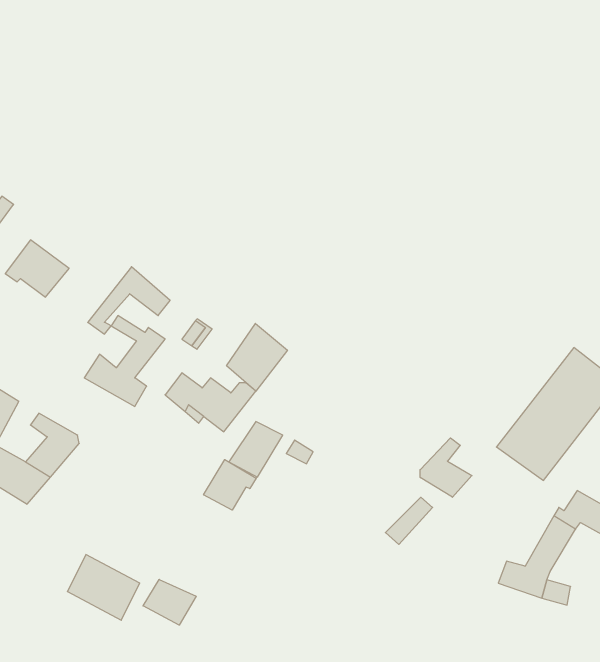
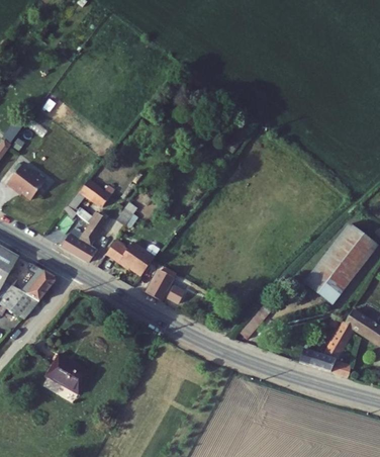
building: [227,323,287,391] -> none
building: [420,438,472,497] -> none
building: [204,460,256,510] -> none
building: [143,579,196,625] -> none

